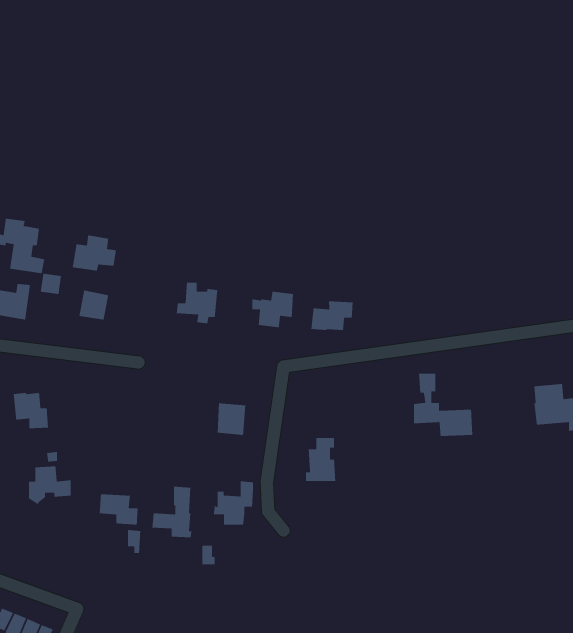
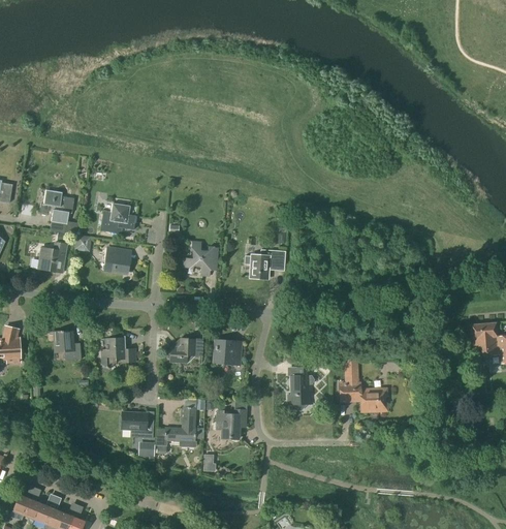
building: [311,300,353,331] -> none
building: [413,373,473,437] -> [340,360,388,411]
building: none -> [170,338,203,363]
building: [28,465,72,505] -> [101,337,136,369]

